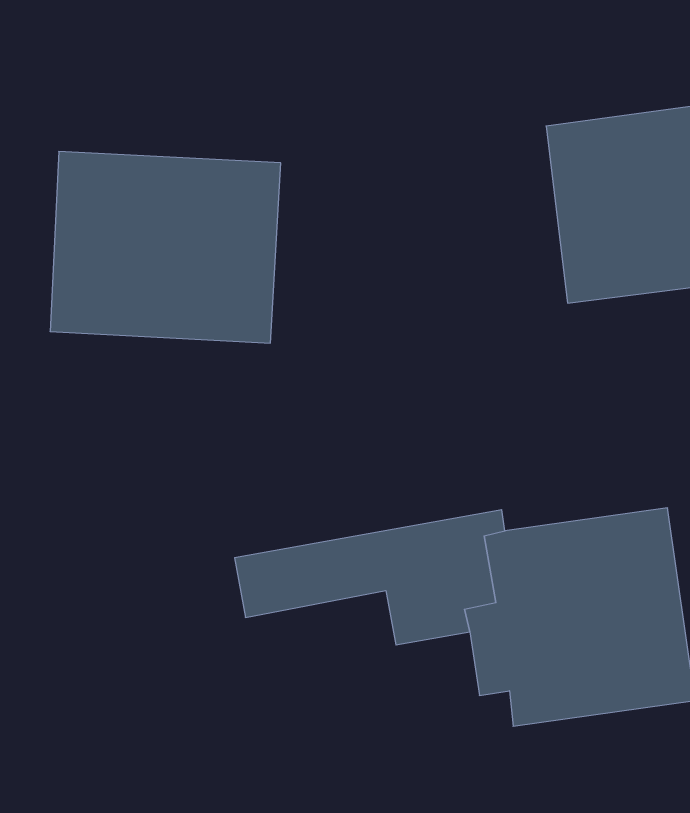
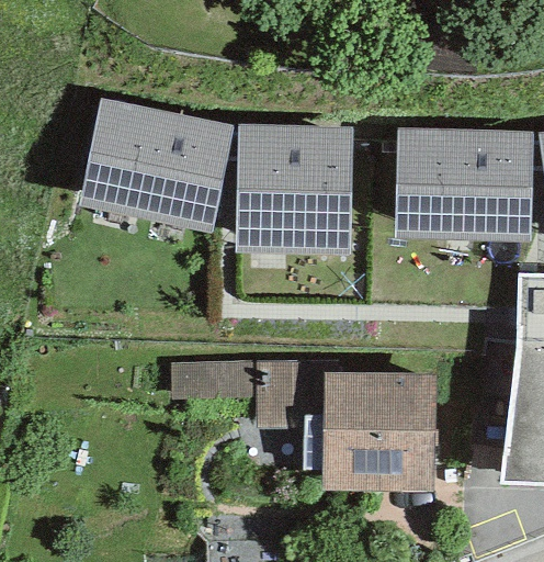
building: none -> [235,124,353,251]

